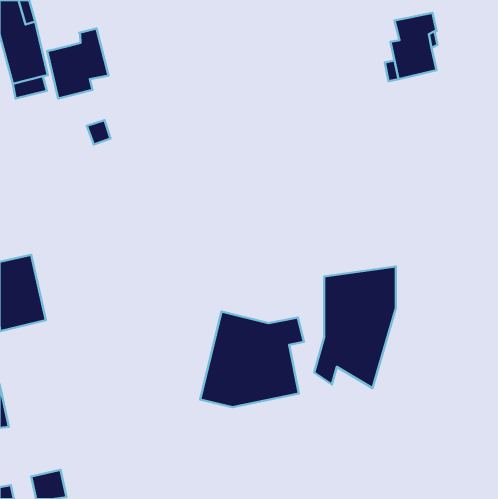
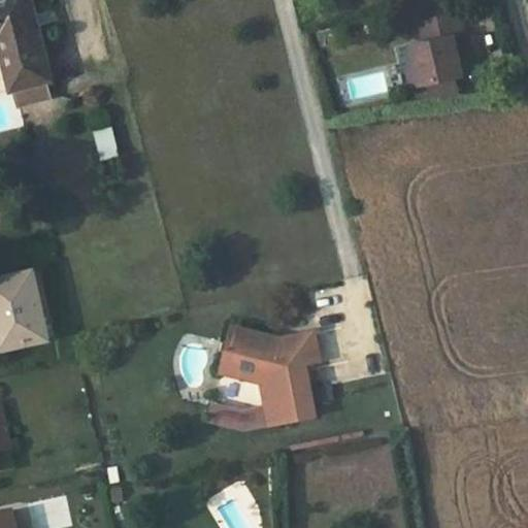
building: [47,28,108,99] -> none
building: [314,266,396,388] -> none

